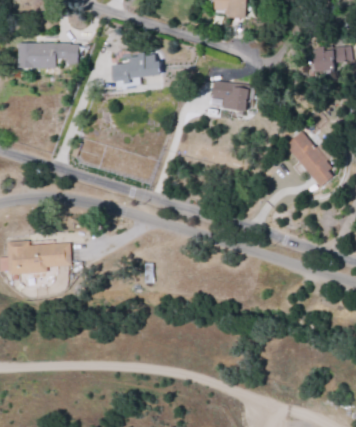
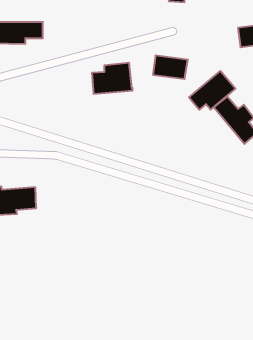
building: [114,52,163,89] -> [92,63,133,94]
building: none -> [189,71,235,110]

